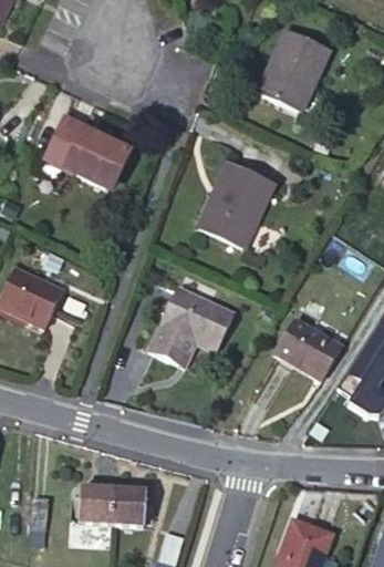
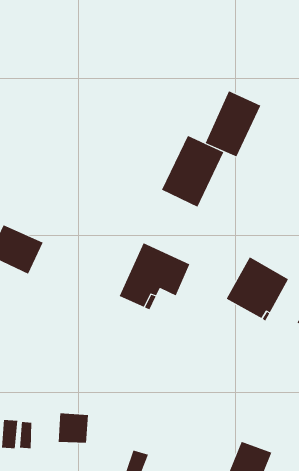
building: [262,32,329,111] -> [205,90,261,157]
building: [46,120,123,184] -> none
building: [111,491,145,525] -> none

